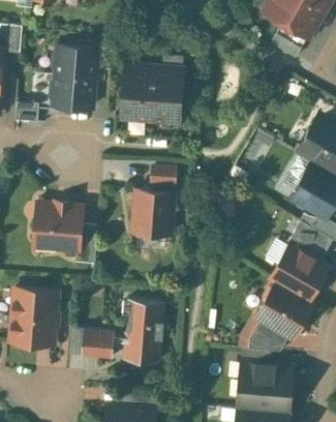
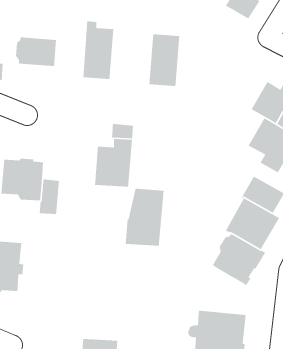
building: [52,46,95,79] -> none
building: [149,67,182,123] -> [148,33,180,87]
building: [122,299,163,361] -> [125,187,164,247]
building: [247,319,288,351] -> none
building: [68,328,114,358] -> none

